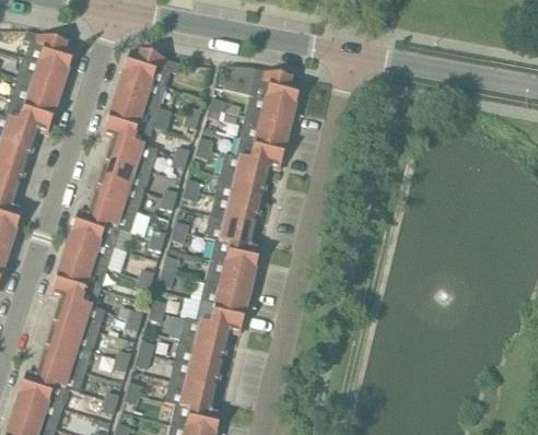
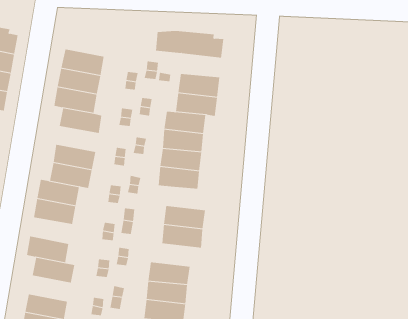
building: [122,51,177,86] -> none
building: [246,94,294,126] -> none
building: [98,156,149,190] -> none
building: [211,238,259,270] -> none
building: [57,254,106,287] -> none
building: [196,301,245,332] -> none
building: [47,317,96,351] -> none

